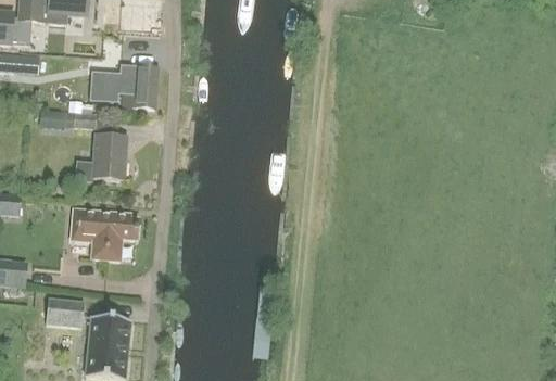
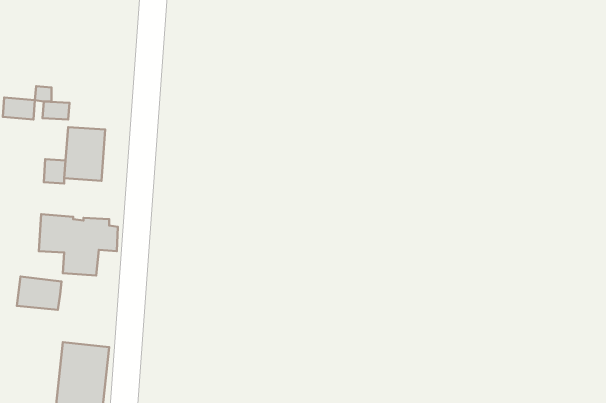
building: [89,64,157,107] -> none
building: [46,297,84,326] -> [17,276,62,310]

